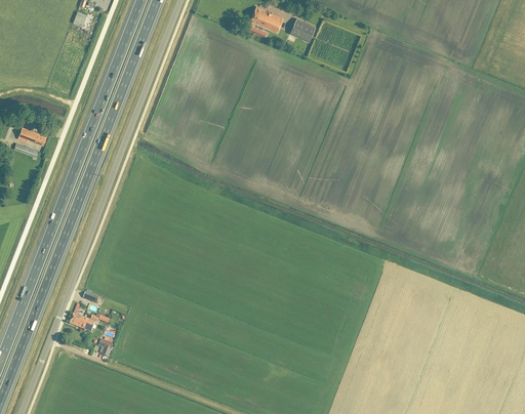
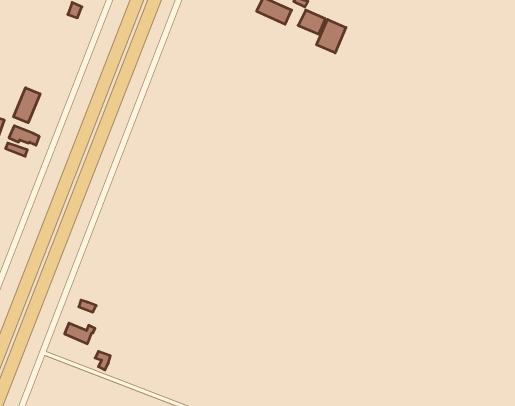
building: none -> [317,19,346,53]
building: none -> [14,88,40,123]

